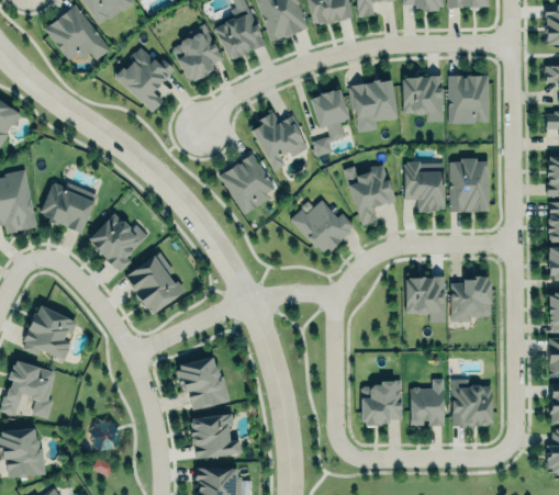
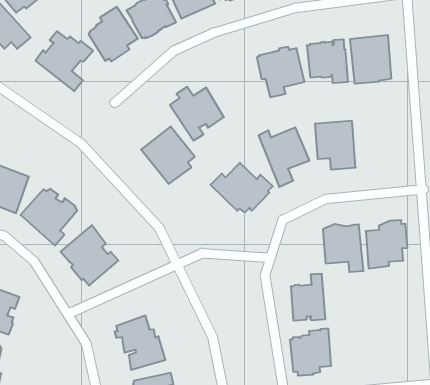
building: [308,83,349,155] -> none
building: [448,155,487,210] -> none
building: [410,378,444,426] -> [291,274,325,321]
building: [451,380,493,426] -> none

